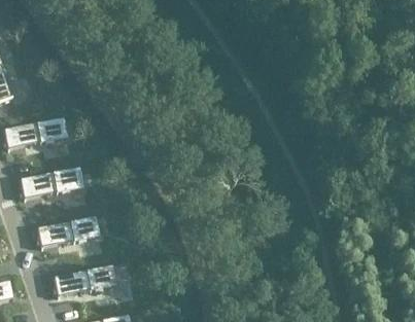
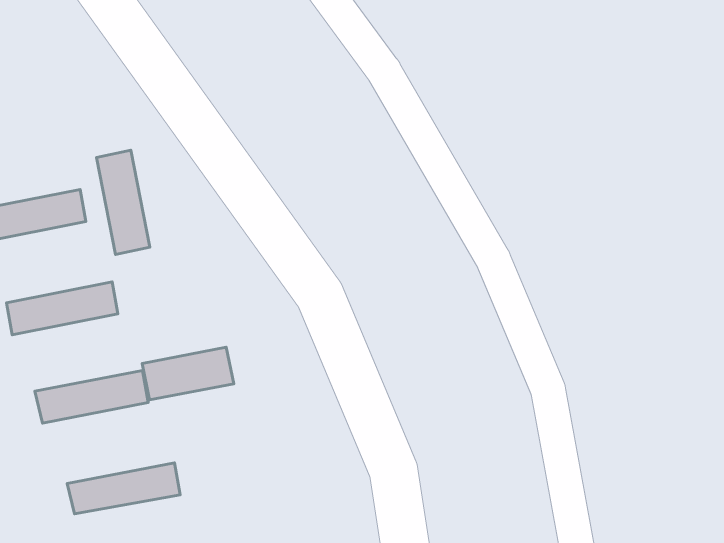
building: none -> [96,150,150,254]
building: none -> [142,347,234,400]

